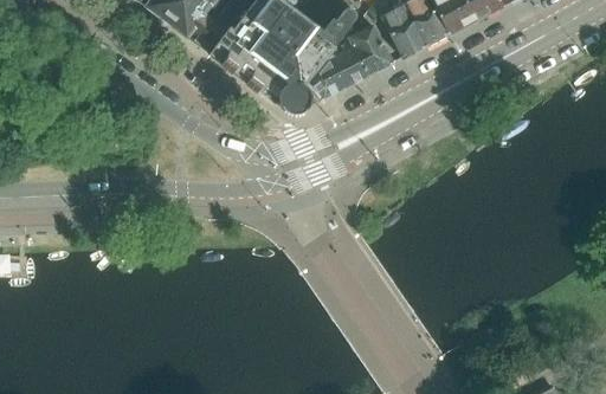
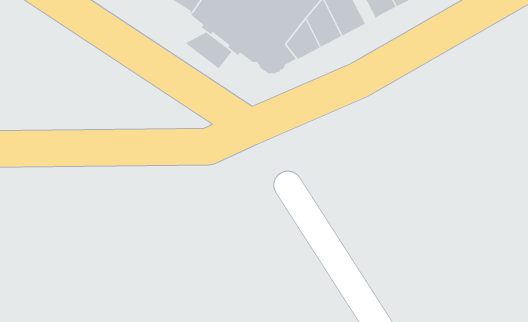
building: none -> [185,32,233,69]

